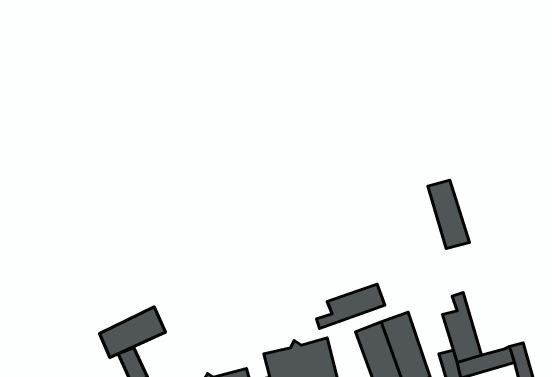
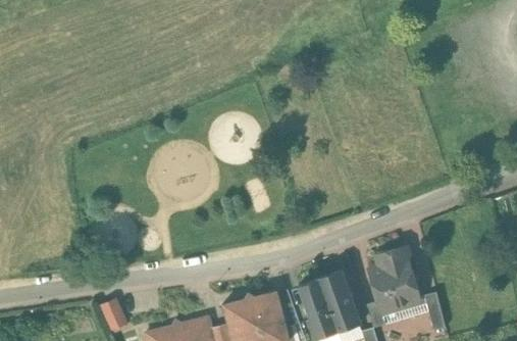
building: [428,180,469,249] -> [387,249,422,306]
building: [317,284,385,329] -> none
building: [99,307,166,358] -> none

